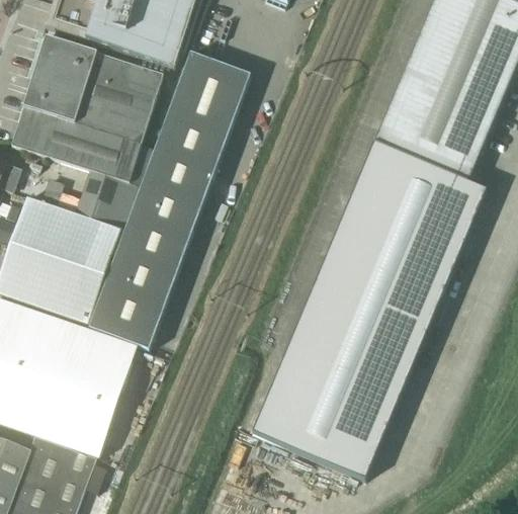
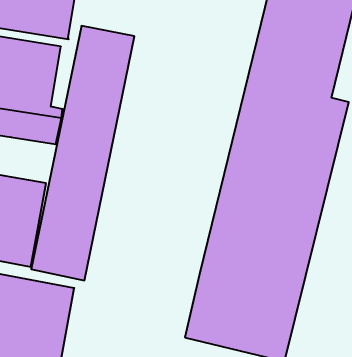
building: [74,168,140,228] -> none

